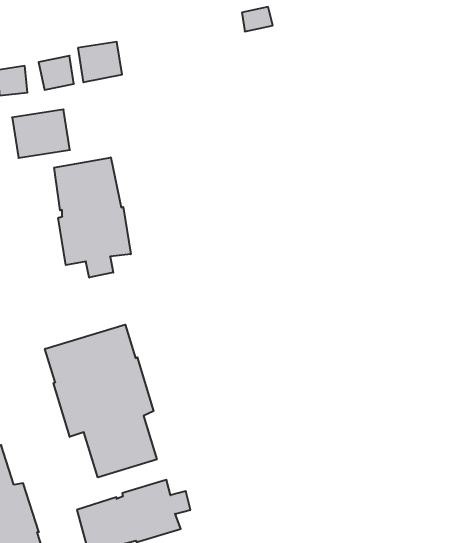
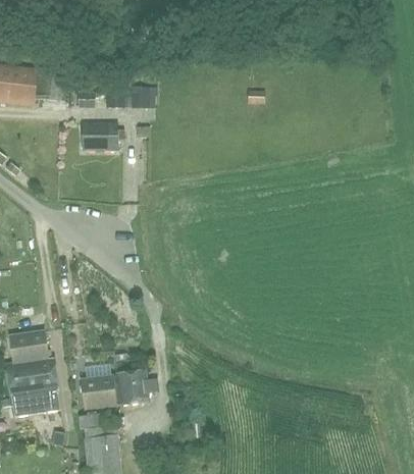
building: [54,157,131,278] -> none
building: [45,325,157,477] -> none

